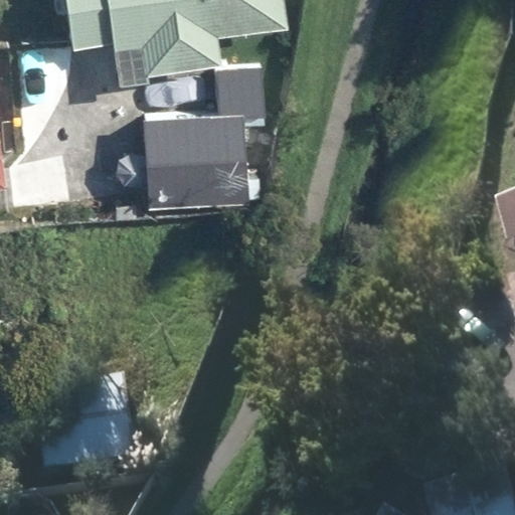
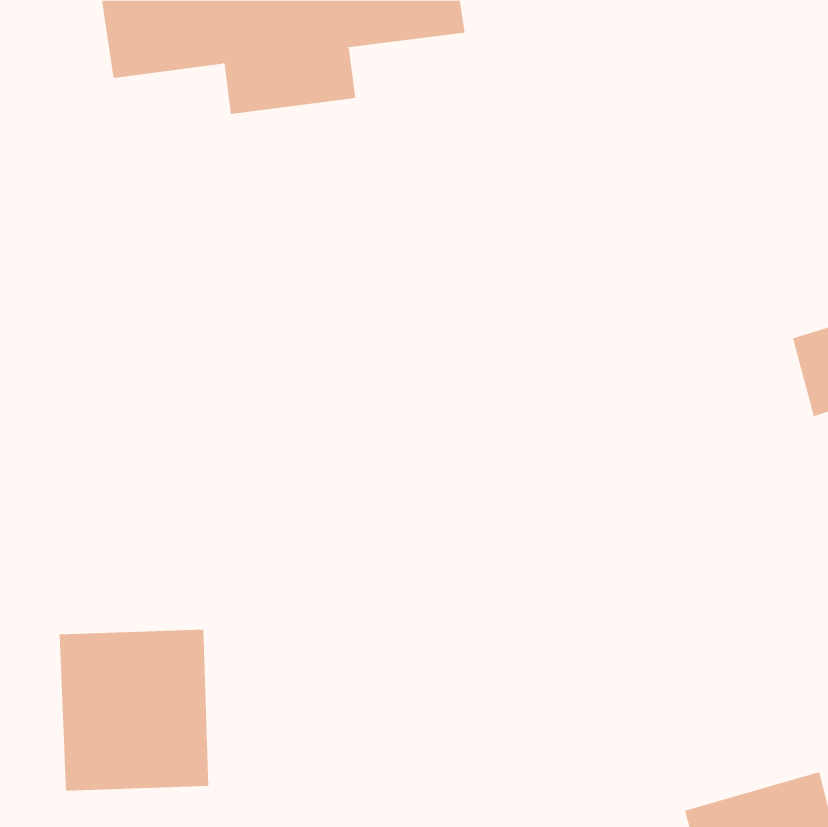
building: [136,72,270,207] -> none

